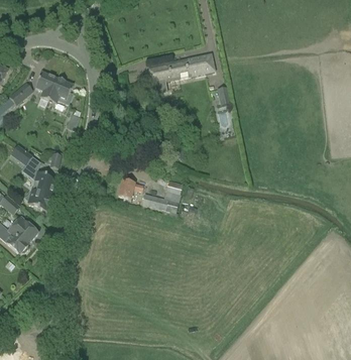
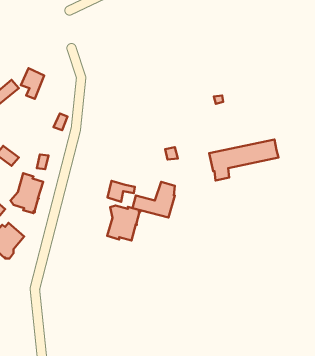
building: [148,52,215,92] -> [209,140,279,181]
building: [48,77,74,103] -> none
building: none -> [107,206,140,240]

